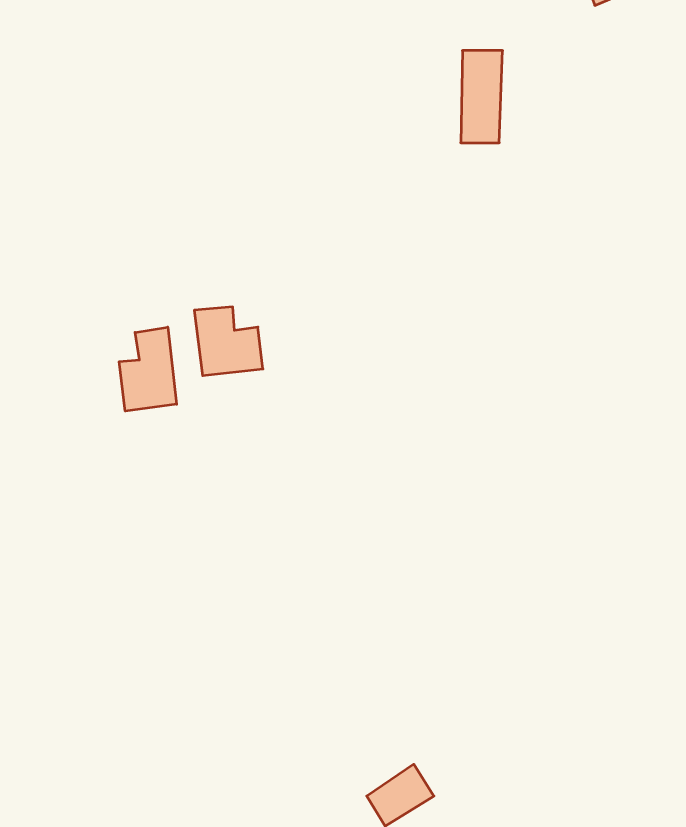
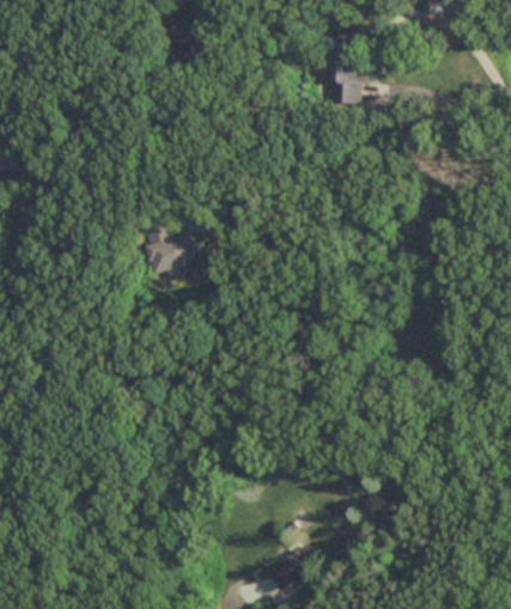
building: [119,327,177,411] -> none

